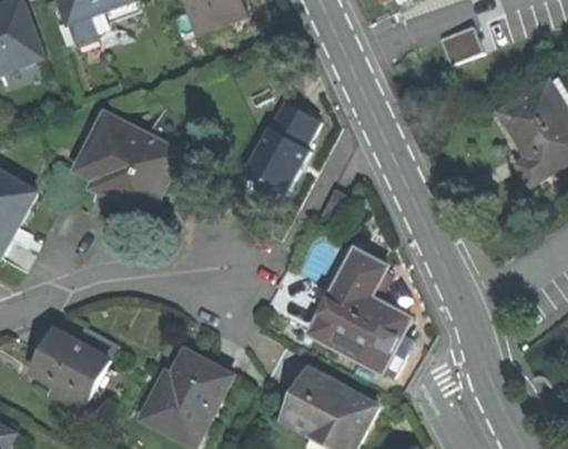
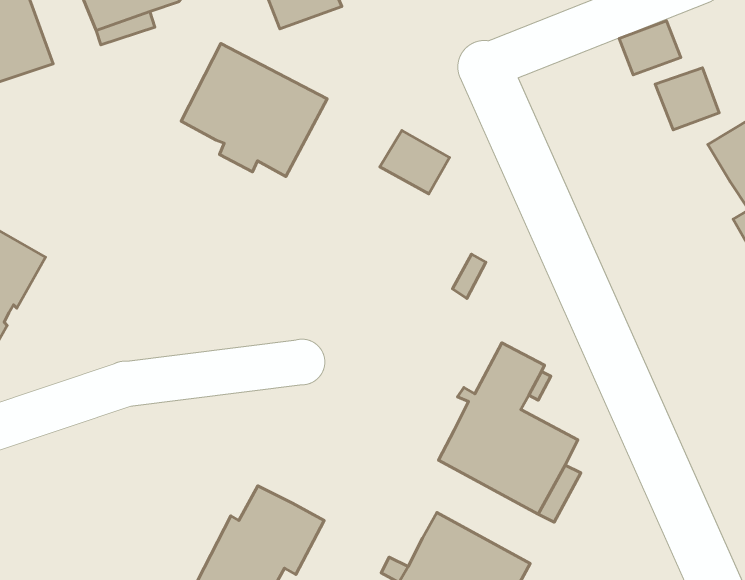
building: none -> [655,68,719,130]
building: [78,113,180,206] -> [181,43,327,177]
building: [245,126,308,192] -> none
building: [33,329,109,408] -> none

